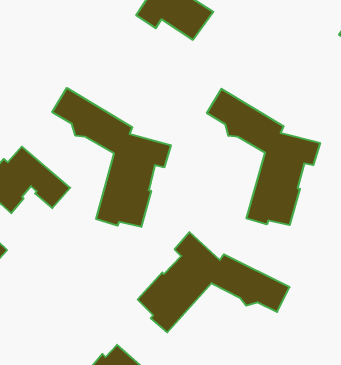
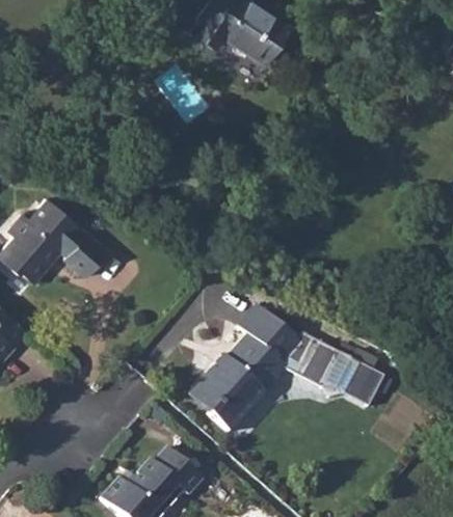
building: [52,88,171,227] -> none
building: [207,89,320,225] -> none

